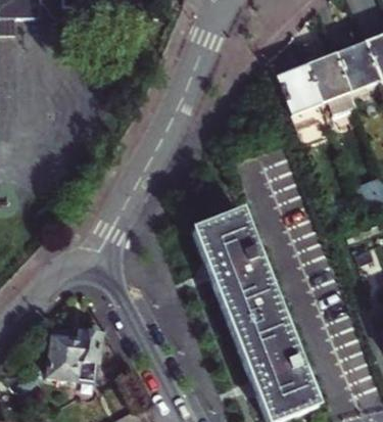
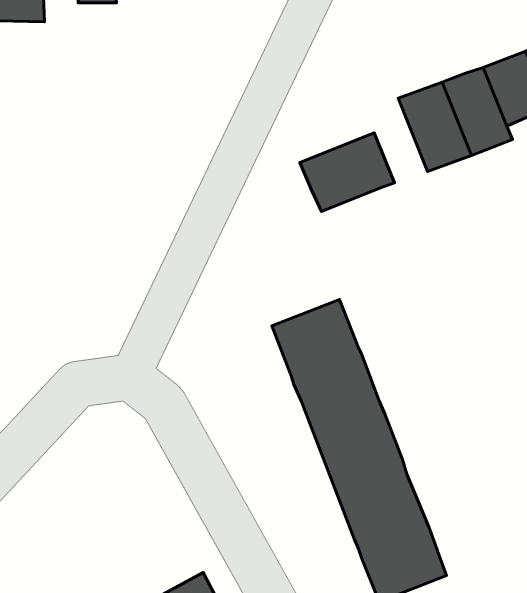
building: none -> [300,133,394,212]
building: [46,325,99,379] -> none

